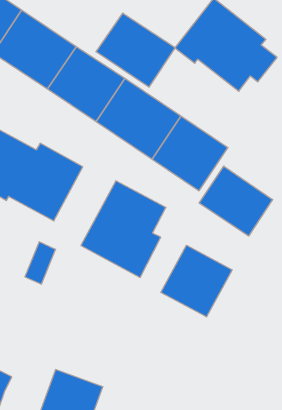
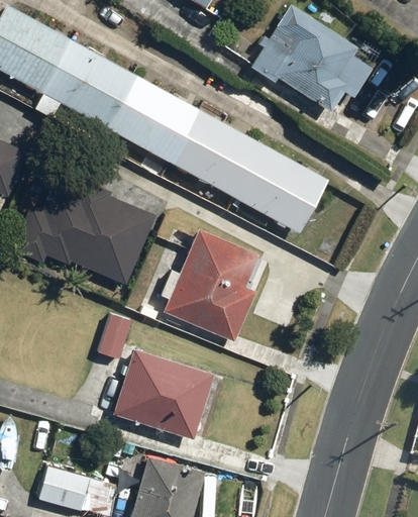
building: [96,13,175,87] -> none
building: [199,166,273,236] -> none
building: [161,245,232,317] -> none
building: none -> [113,347,213,439]

